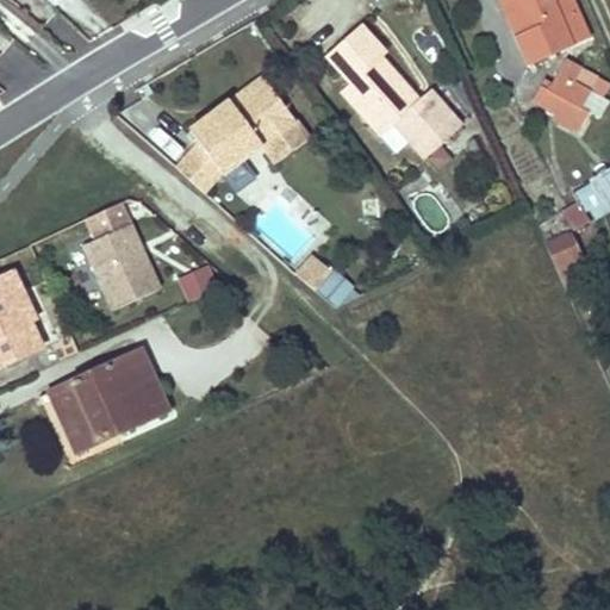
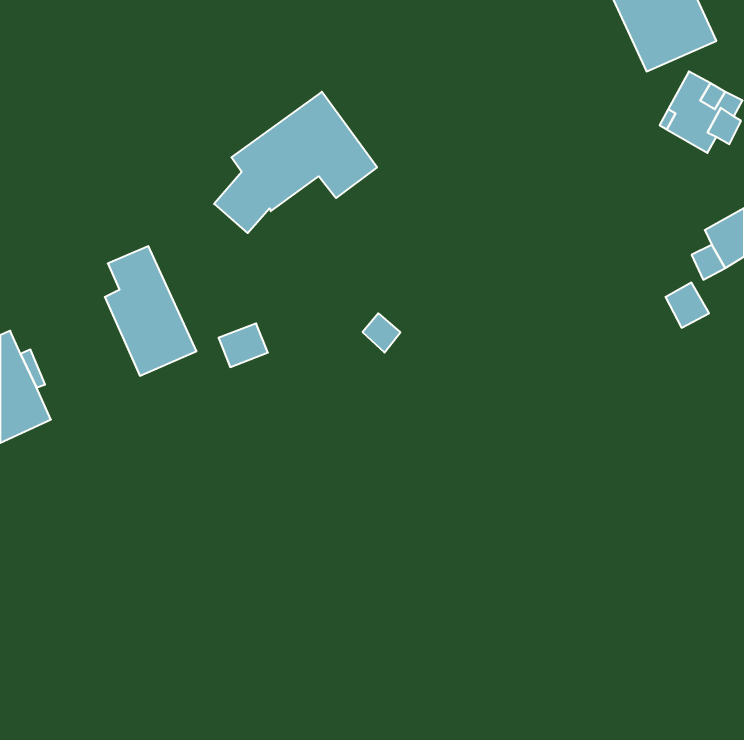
building: [326,21,461,156] -> none
building: [50,350,167,450] -> none

